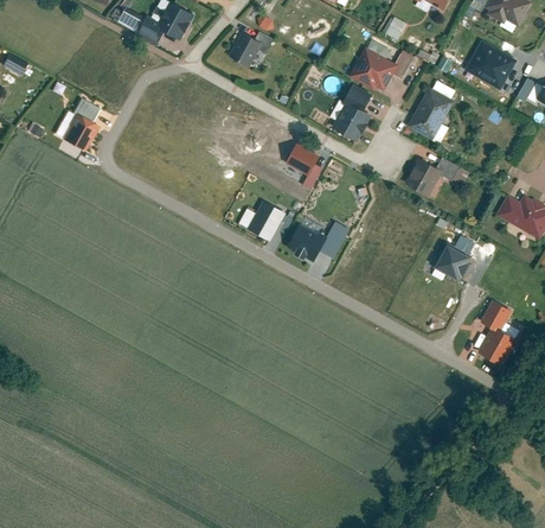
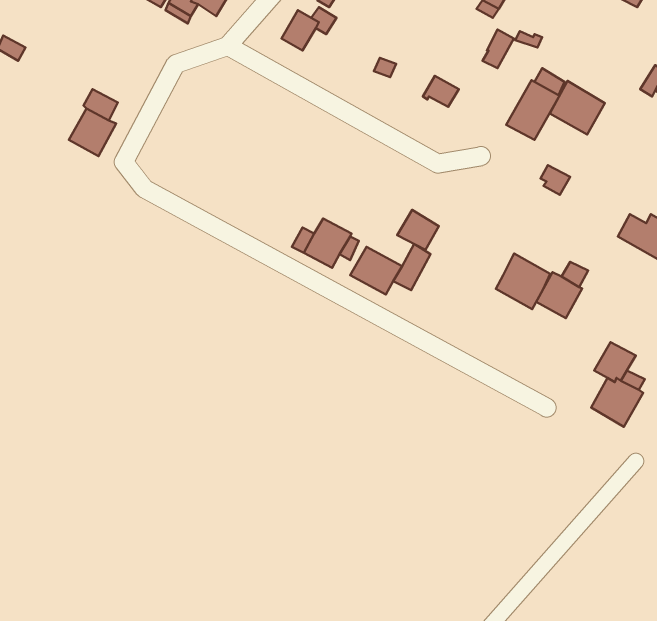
building: [469,42,513,84] -> [550,81,605,134]
building: [352,51,395,88] -> none
building: [333,103,368,140] -> none
building: [286,144,319,176] -> [397,210,439,250]
building: [406,160,441,195] -> none
building: none -> [496,254,550,309]

